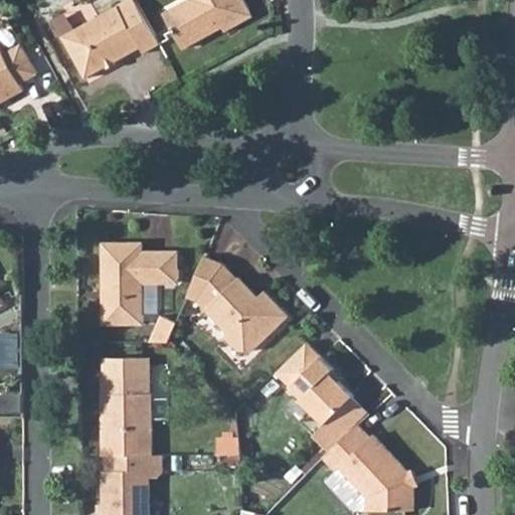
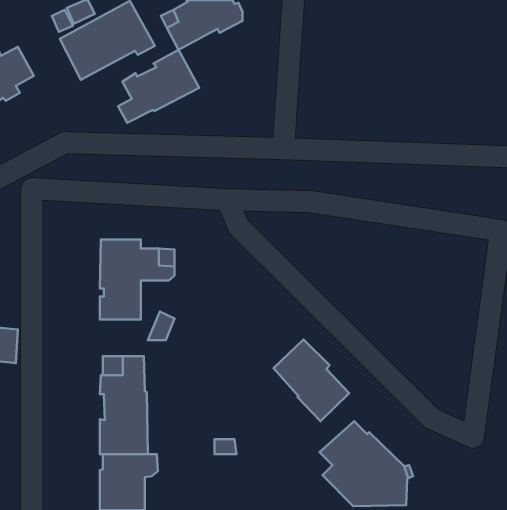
building: none -> [118,50,199,123]
building: [189,255,287,349] -> none
building: [312,396,367,450] -> none

